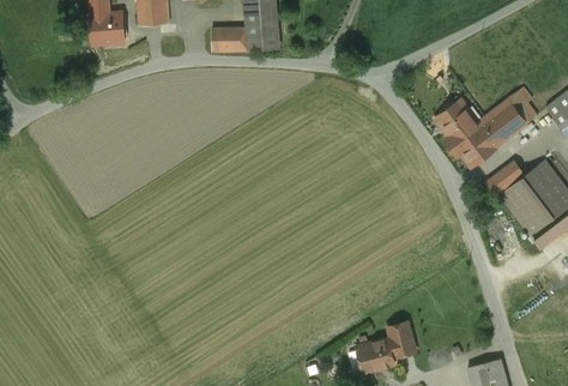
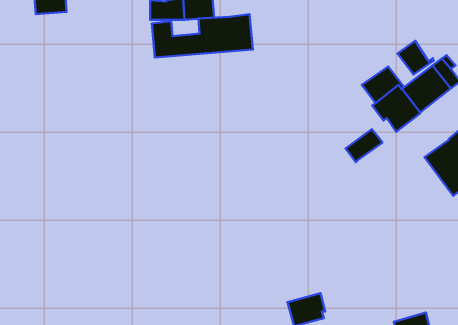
building: none -> [152,14,253,57]
building: none -> [398,41,434,75]
building: [485,162,524,197] -> [346,129,382,162]
building: [386,321,415,356] -> none

